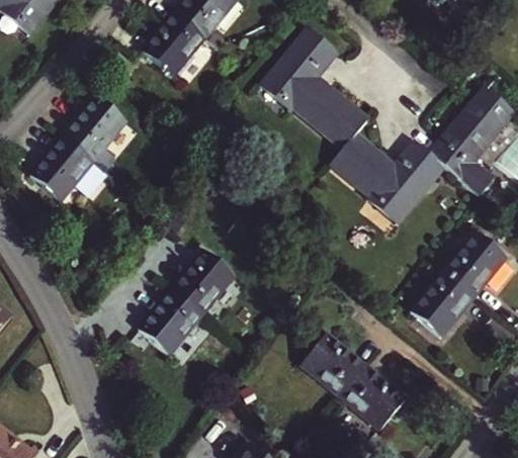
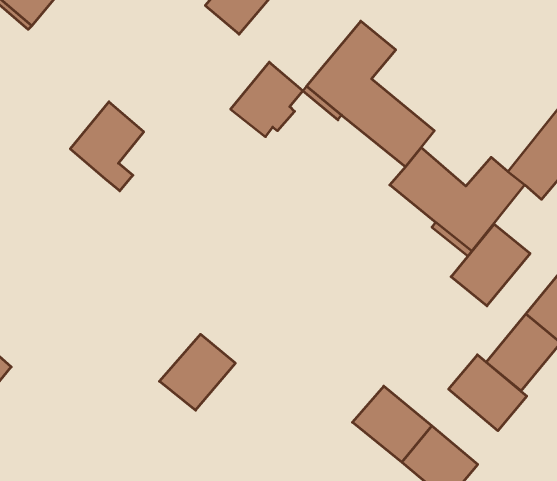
building: [145,14,205,77] -> [231,62,303,137]
building: [31,134,93,199] -> none
building: none -> [451,224,530,306]
building: [173,251,235,314] -> none
building: none -> [449,355,527,431]

